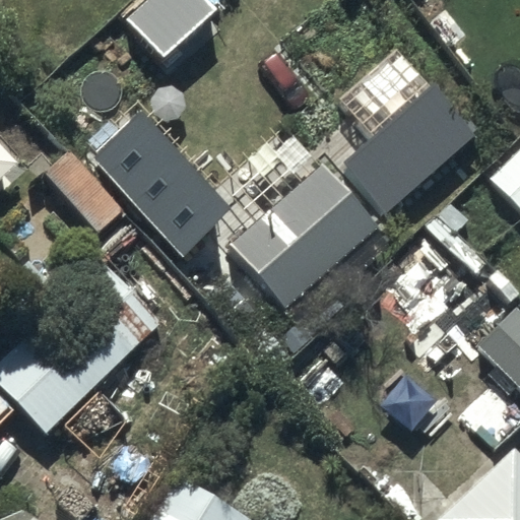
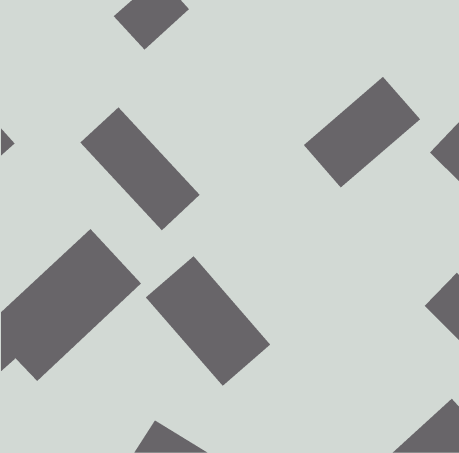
building: [232,164,379,307] -> none
building: none -> [145,255,271,387]

